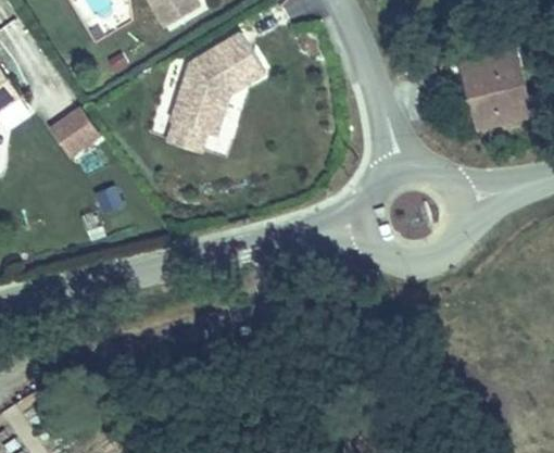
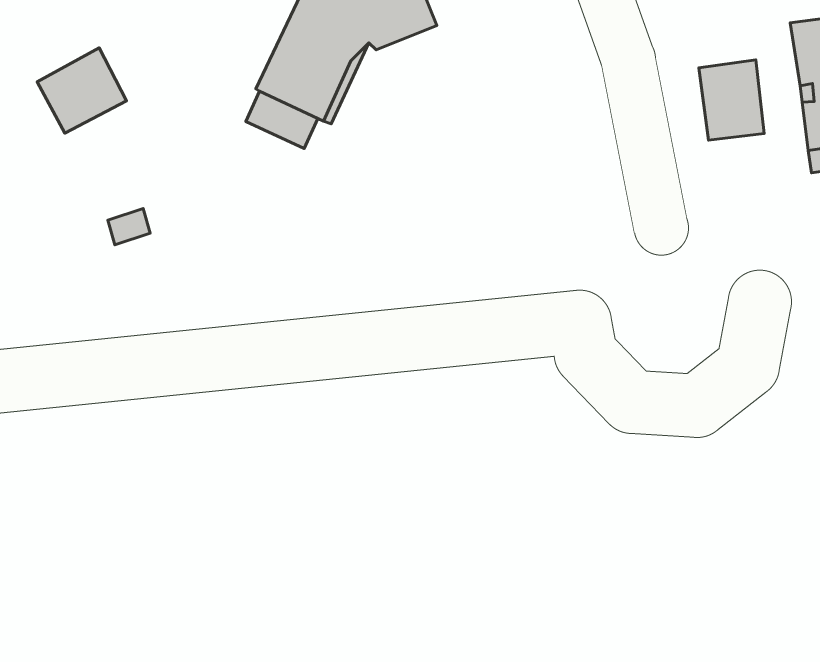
building: none -> [699,60,764,140]

